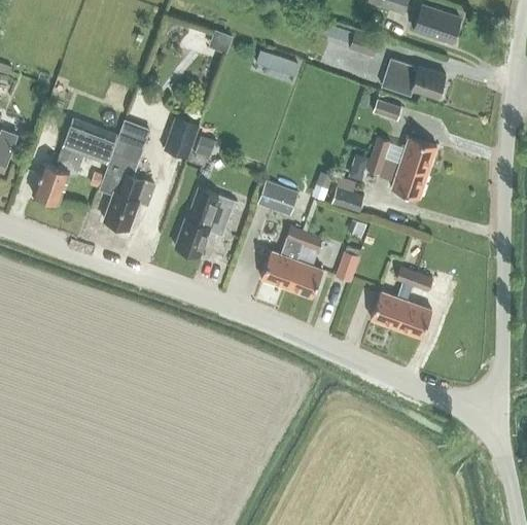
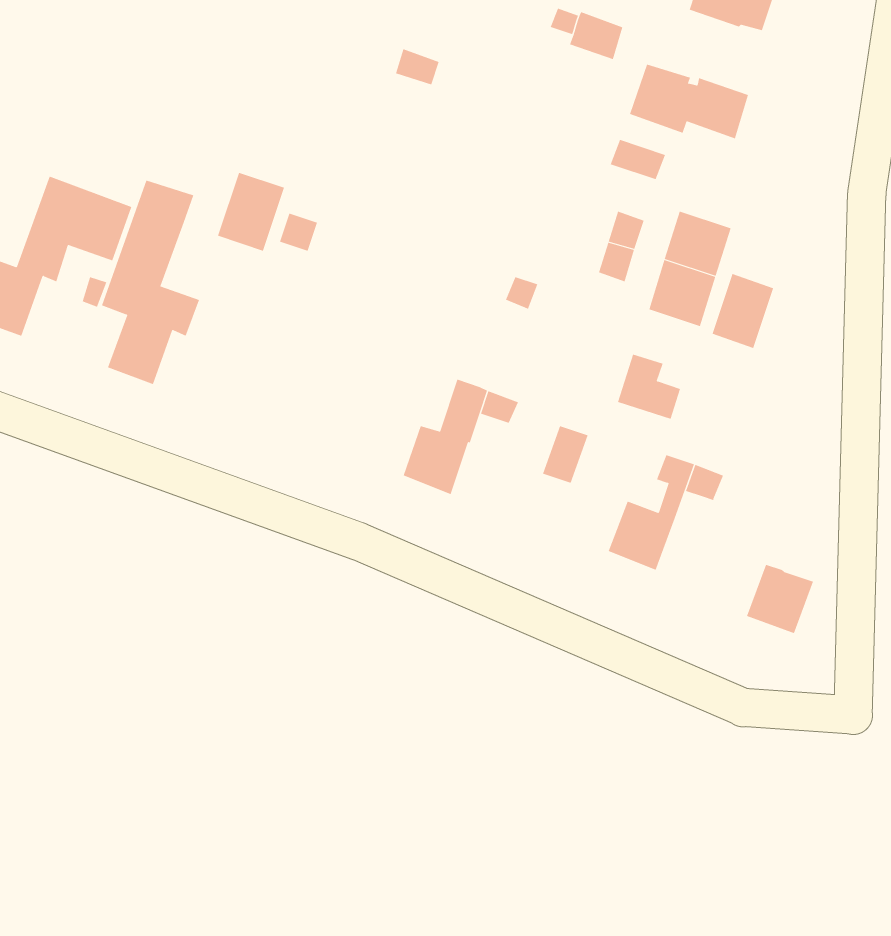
building: none -> [712,273,774,349]
building: [330,177,364,212] -> [617,354,681,420]
building: [256,180,297,216] -> none
building: [175,182,235,256] -> none
building: [287,260,322,297] -> none
building: [396,301,432,338] -> [746,564,814,634]

